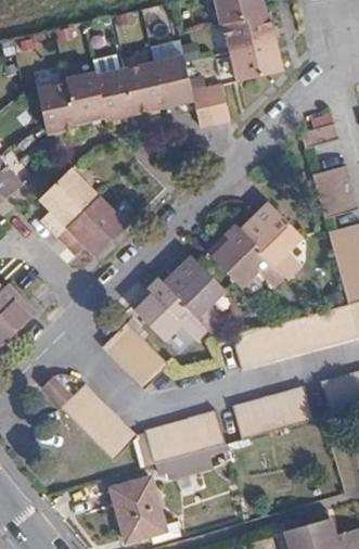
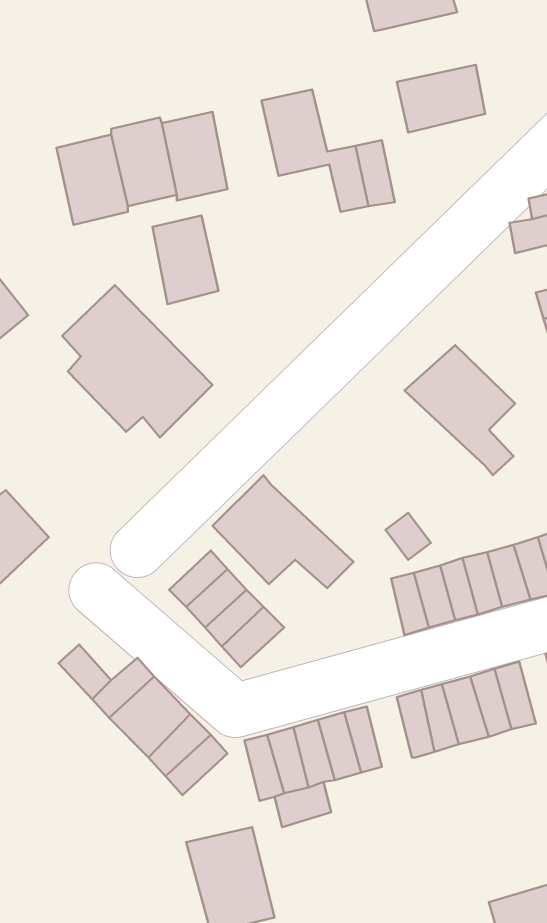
building: [227,10,280,51] -> none
building: [128,62,166,113] -> [153,216,218,304]
building: [206,224,285,285] -> none
building: [162,256,227,333] -> none

